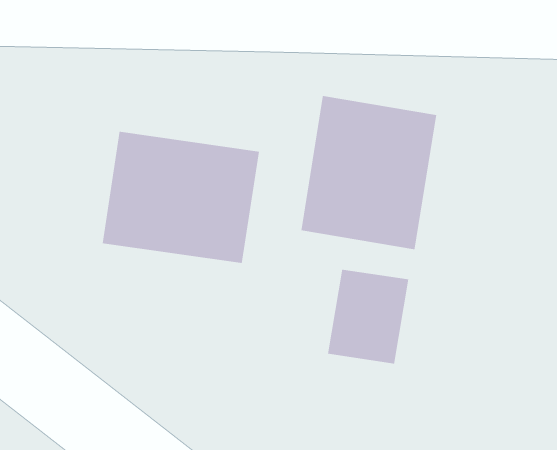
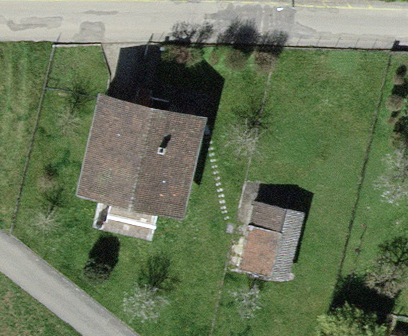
building: [301,95,437,250] -> none

